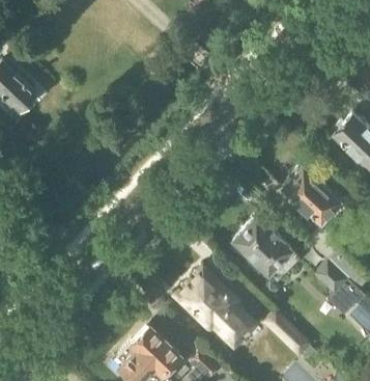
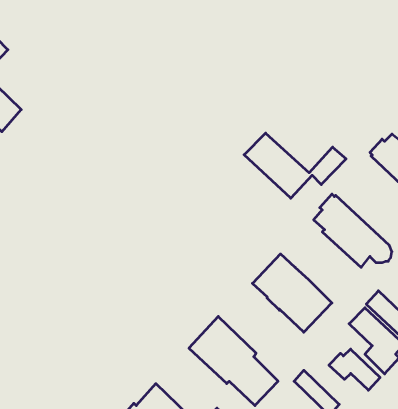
building: none -> [244,133,346,198]
building: none -> [329,349,380,390]

